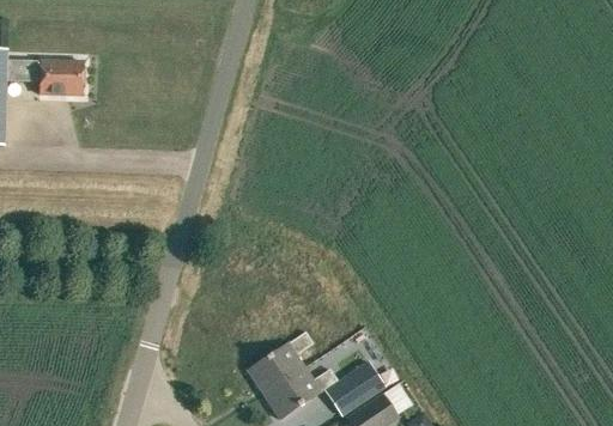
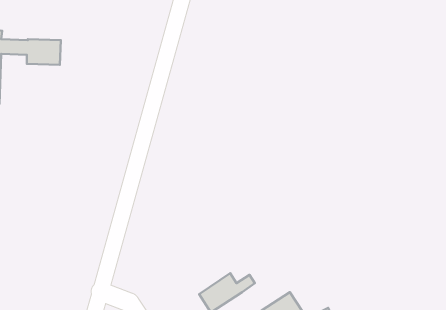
building: [247,331,312,394] -> none
building: [345,360,384,401] -> none

